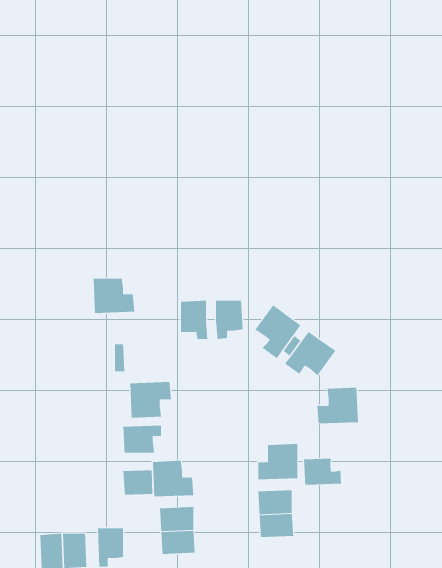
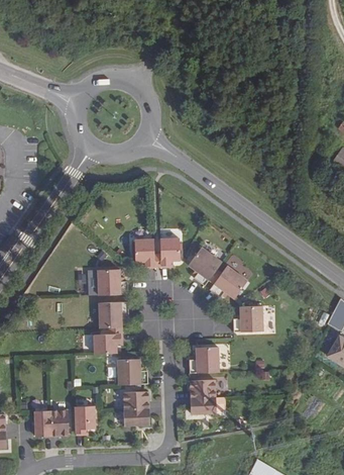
building: [93,278,135,313] -> [97,269,127,294]
building: [303,458,341,485] -> none
building: [123,469,153,496] -> none

